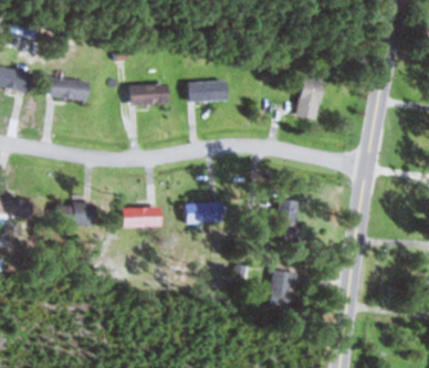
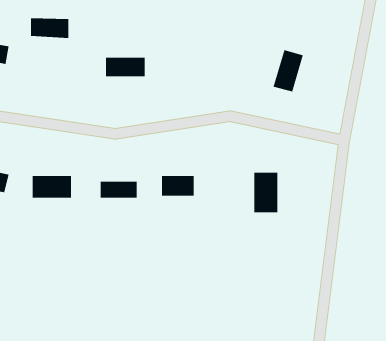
building: [50,80,88,101] -> [30,17,69,39]
building: [188,82,227,102] -> none
building: [269,269,296,311] -> none

